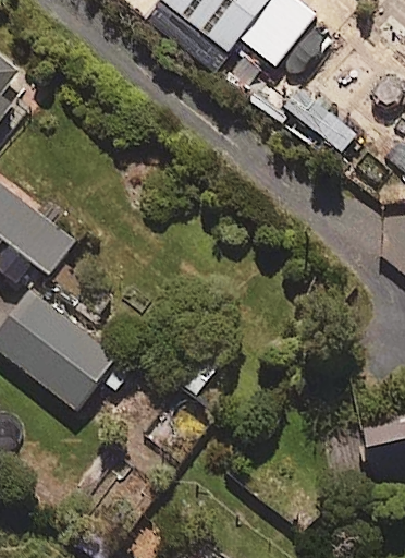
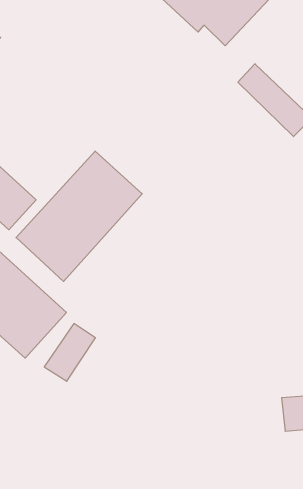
building: none -> [16,151,142,281]

